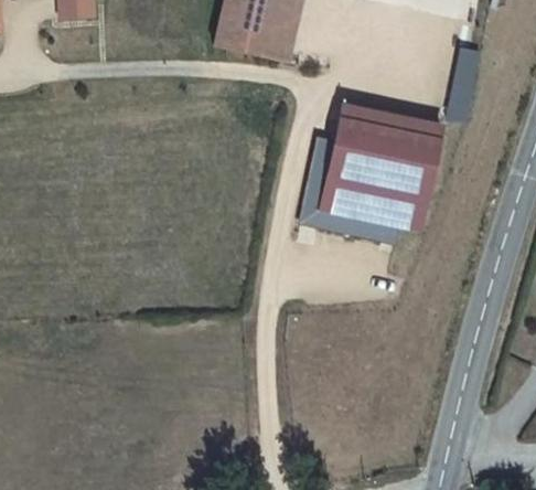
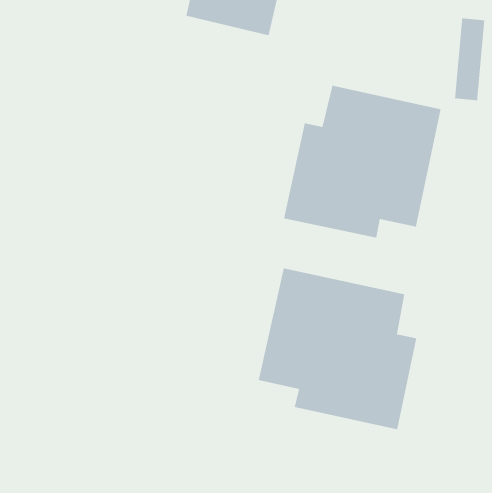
building: none -> [258,267,417,430]

